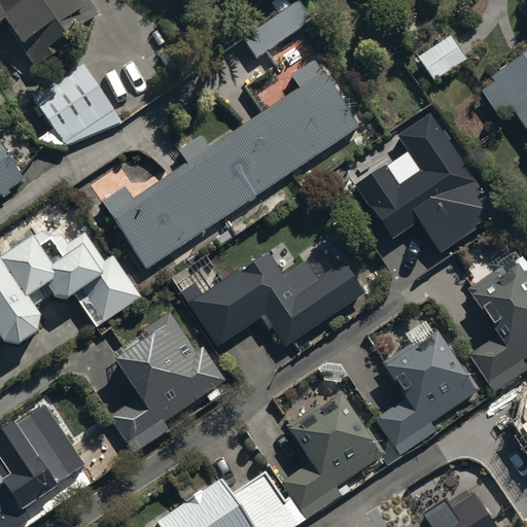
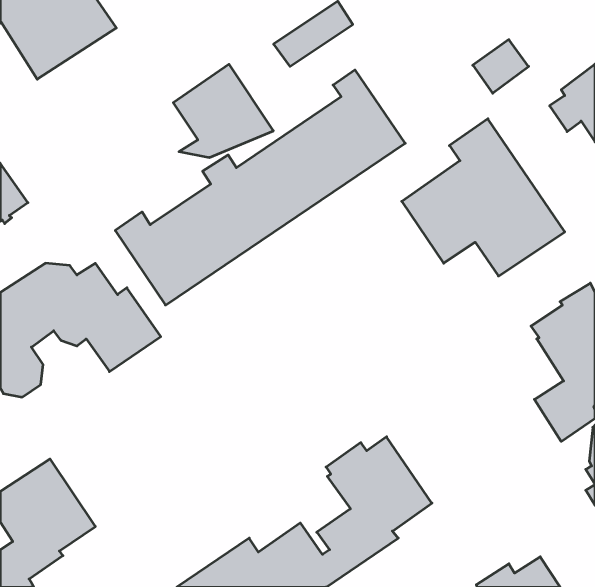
building: [33,63,121,145] -> [173,64,273,157]
building: [172,253,364,348] -> none
building: [110,313,225,454] -> none
building: [375,337,480,457] -> none

